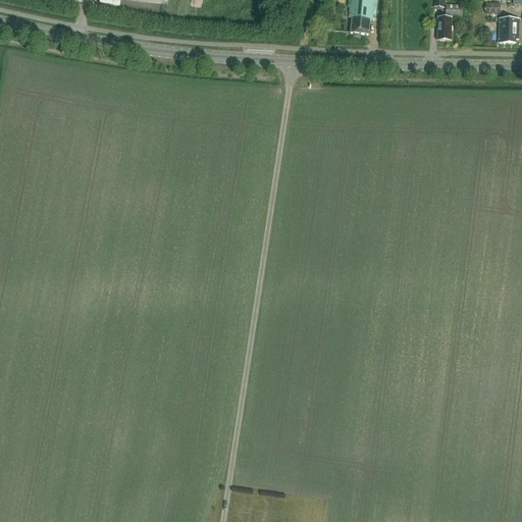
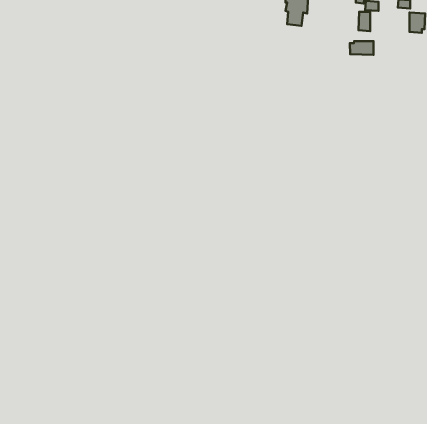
building: none -> [350,41,373,55]

